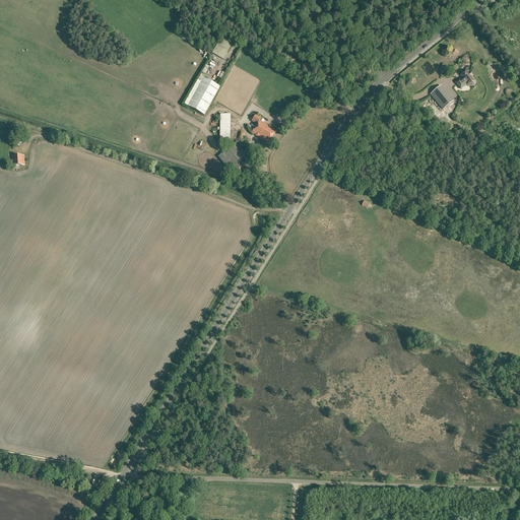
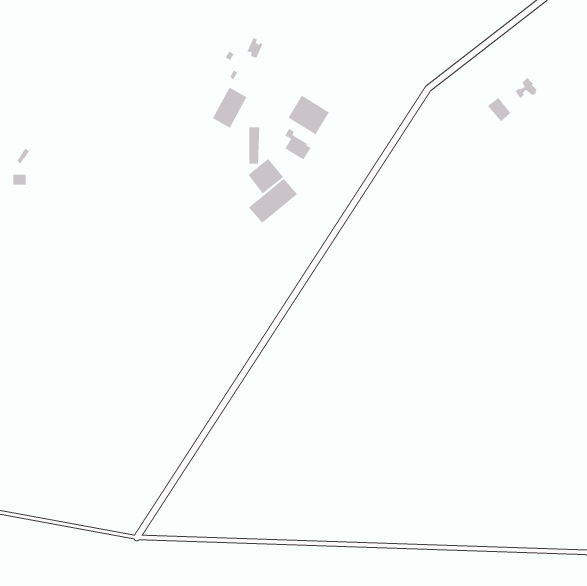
building: none -> [287,94,330,135]
building: none -> [248,178,298,224]

